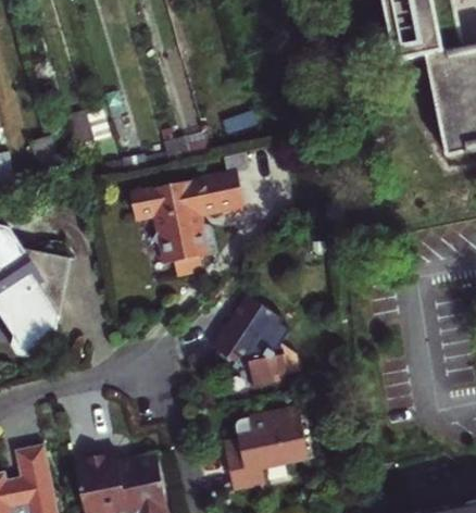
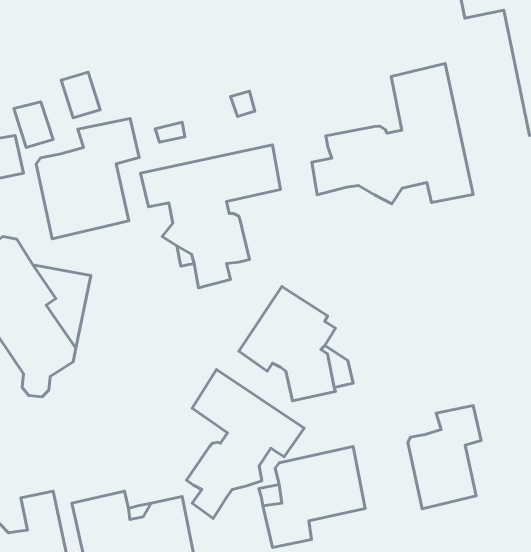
building: none -> [312,63,473,204]
building: none -> [36,118,139,239]
building: none -> [186,370,304,519]
building: none -> [408,405,481,509]

